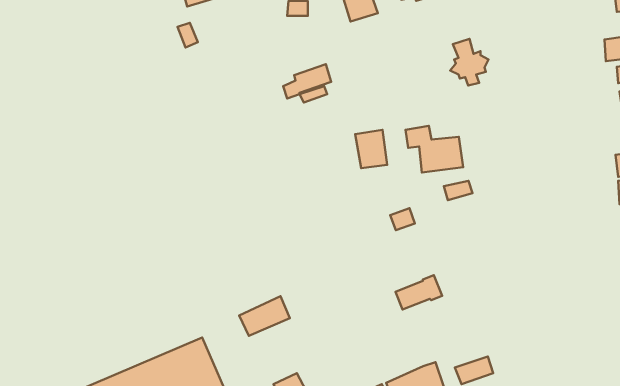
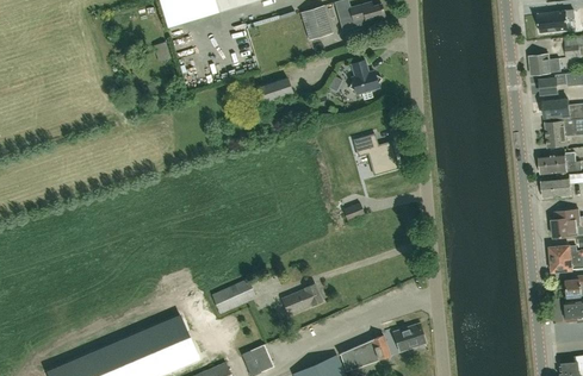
building: [450,39,489,85] -> [348,59,382,100]
building: [355,130,387,168] -> none
building: [395,275,442,310] -> [281,284,322,314]

